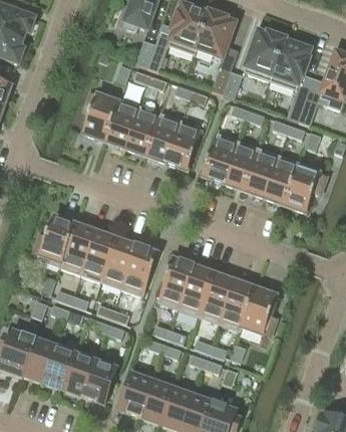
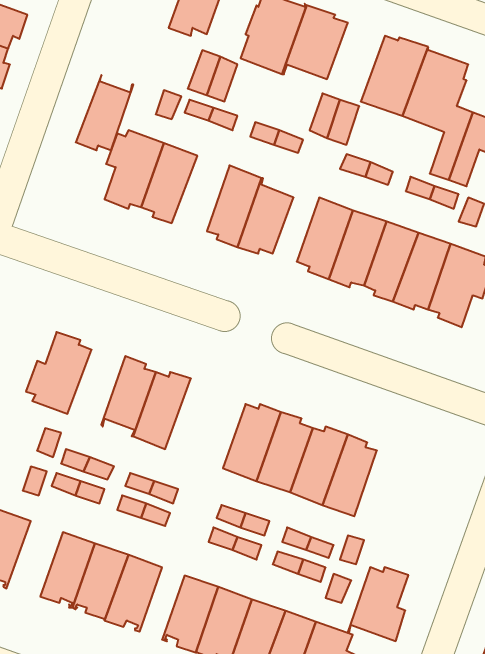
building: [124,105,160,153] -> [76,75,133,150]
building: [59,226,95,274] -> none
building: [120,245,156,296] -> none
building: [239,290,277,337] -> [348,567,408,641]
building: [21,335,56,382] -> none

